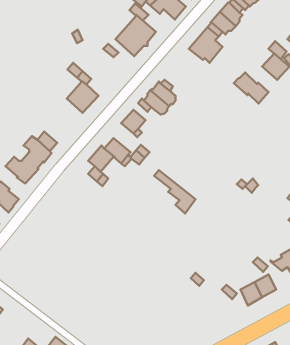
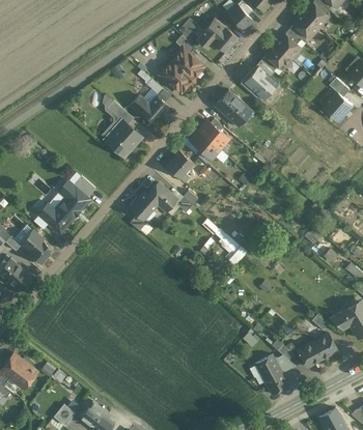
building: none -> [215,89,252,126]
building: none -> [130,95,168,120]
building: [234,73,269,104] -> none
building: none -> [255,354,289,394]

